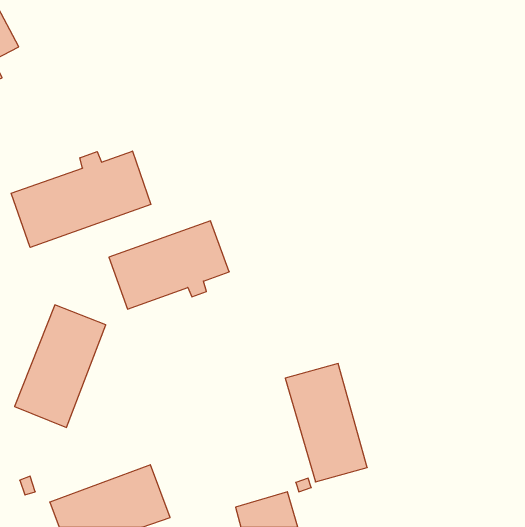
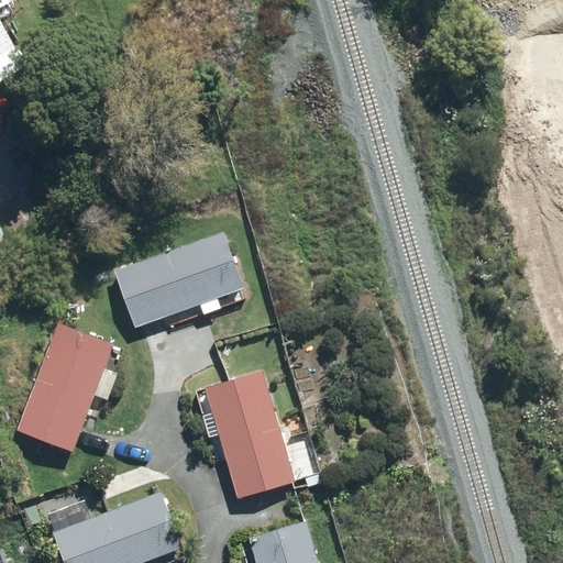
building: [11,151,151,247] -> none
building: [285,364,367,482] -> [206,373,292,498]

